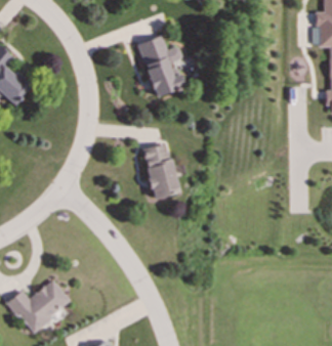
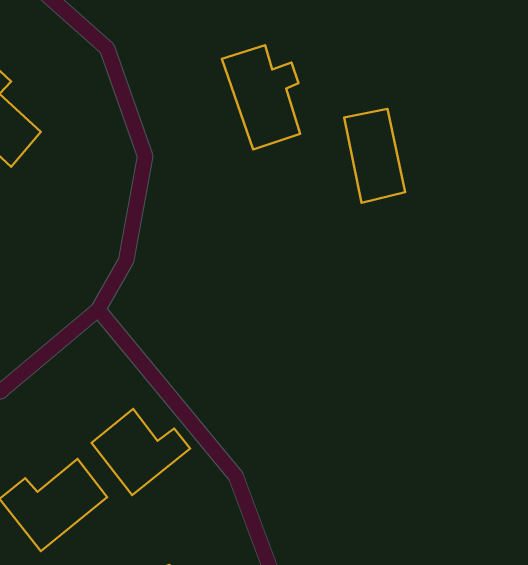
building: [142,143,178,199] -> [344,109,405,203]
building: none -> [92,409,190,495]

